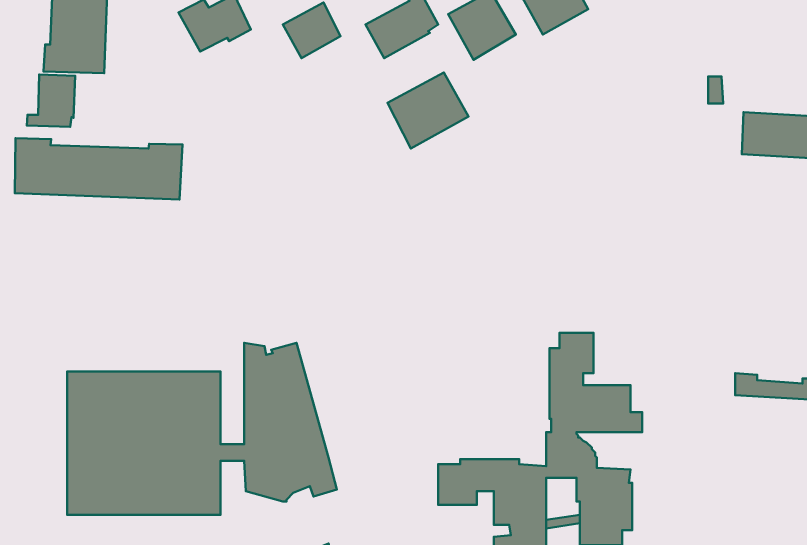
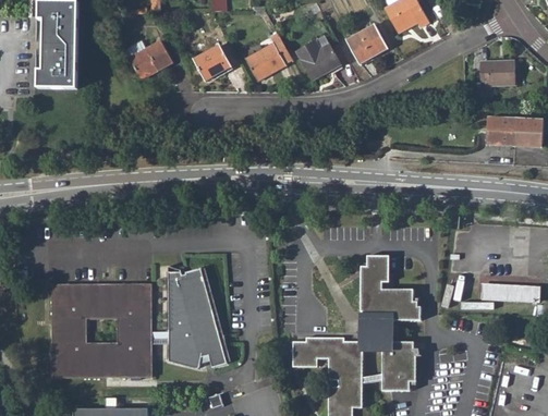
building: none -> [479,60,514,91]
building: [388,73,468,149] -> none
building: [27,75,75,127] -> none
building: [15,138,182,200] -> none

